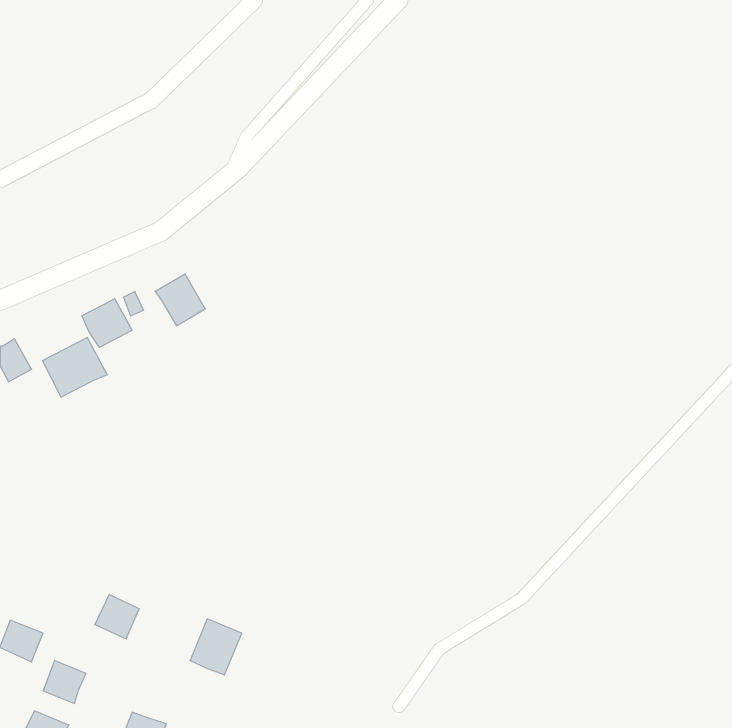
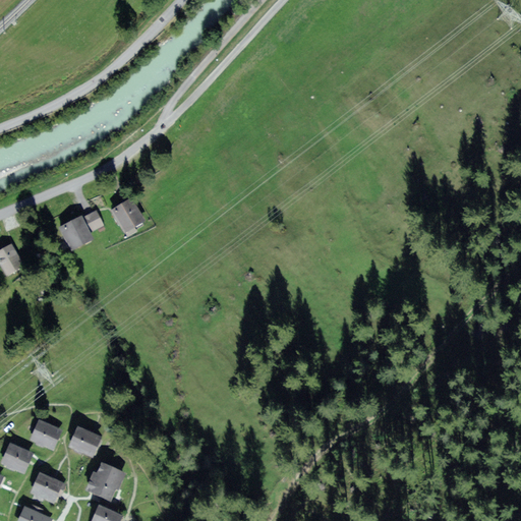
building: [43,337,107,397] -> none
building: none -> [30,419,61,450]
building: [190,619,242,675] -> [84,461,121,501]

